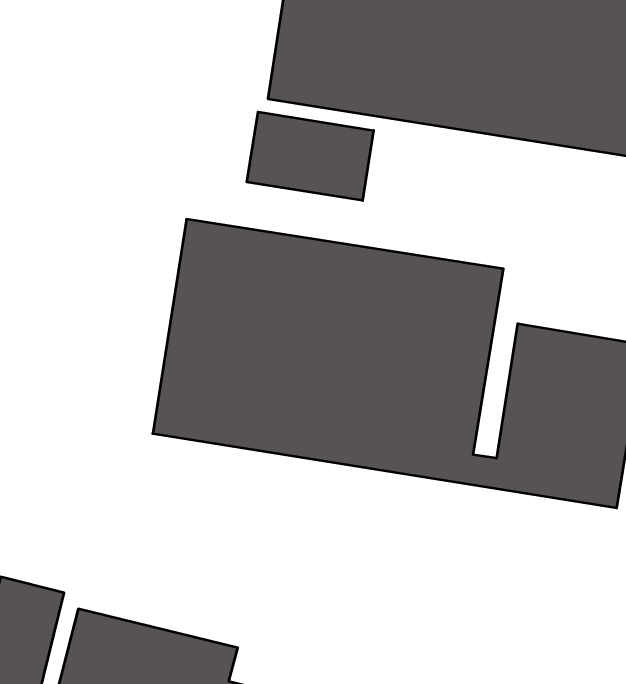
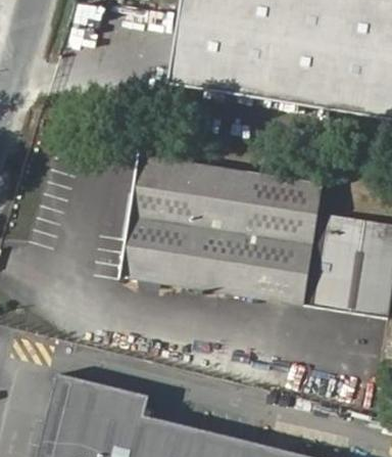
building: [247,112,374,201] -> none

